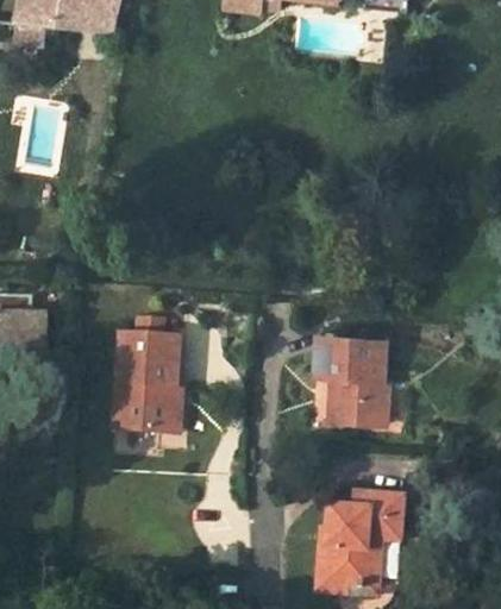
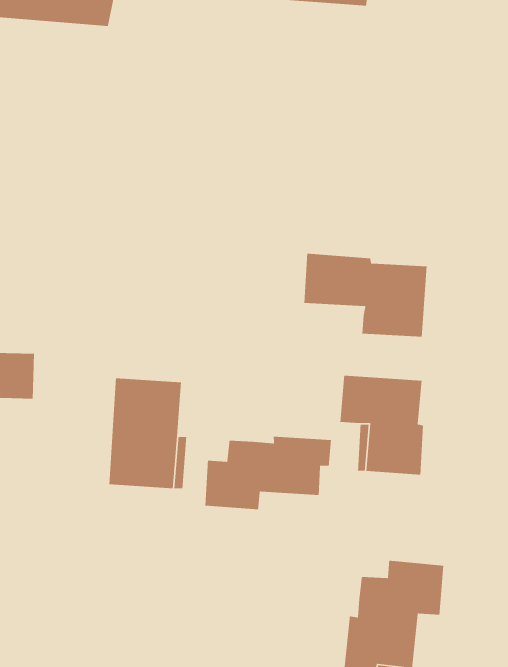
building: none -> [303,253,427,338]
building: none -> [204,436,332,510]

